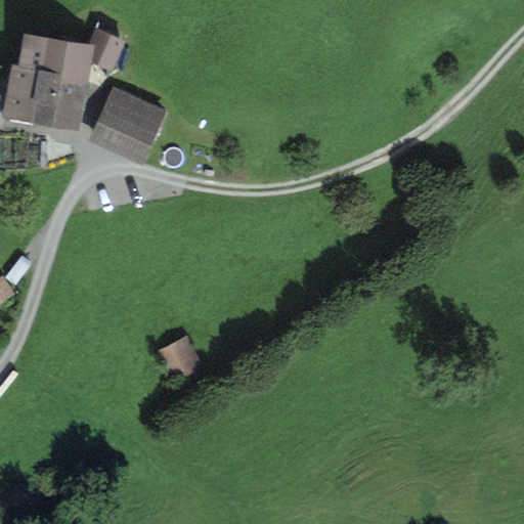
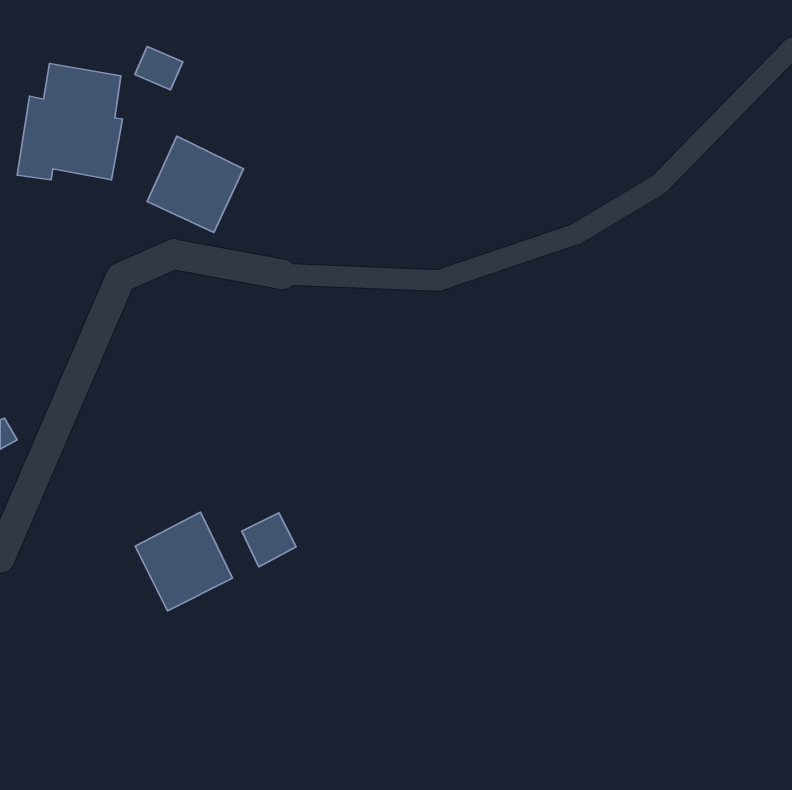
building: none -> [135,512,233,611]

